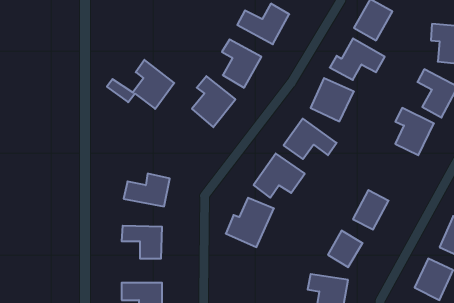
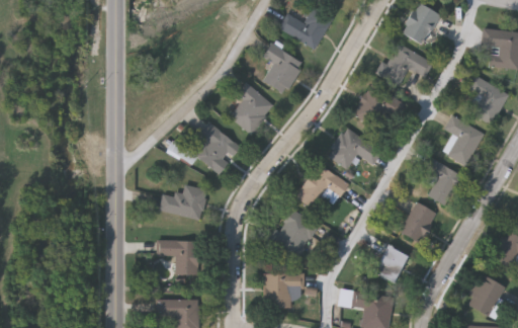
building: [107,60,174,109] -> [169,121,240,173]
building: none -> [424,160,460,204]
building: none -> [263,272,305,309]

